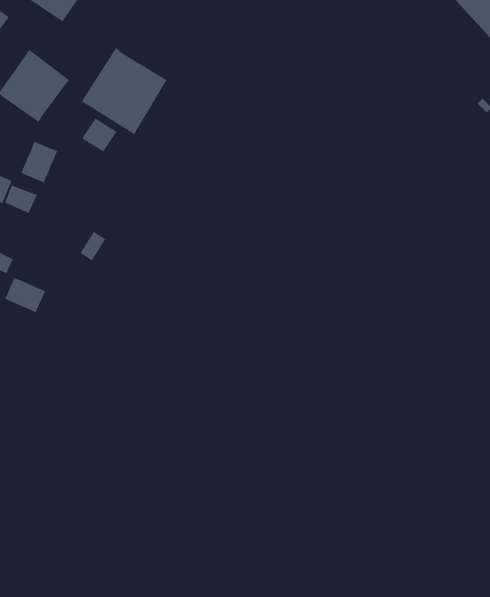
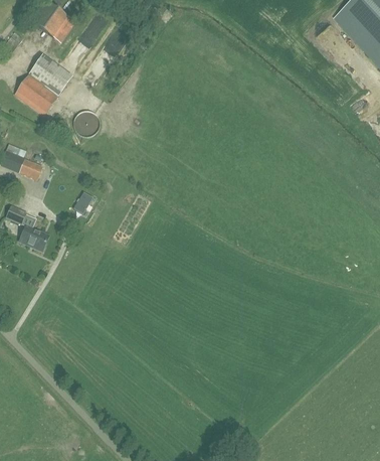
building: [81,47,168,135] -> none
building: [20,141,58,183] -> none

